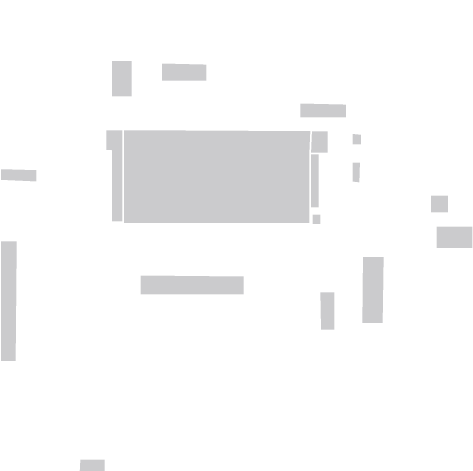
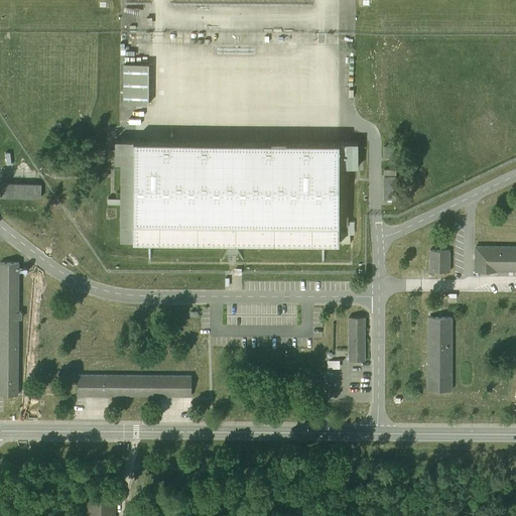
building: [161,63,207,82] -> none
building: [299,103,347,118] -> none
building: [430,195,449,213] -> [429,253,449,273]
building: [361,256,384,324] -> [426,319,452,393]
building: [140,275,244,295] -> [78,376,191,398]

